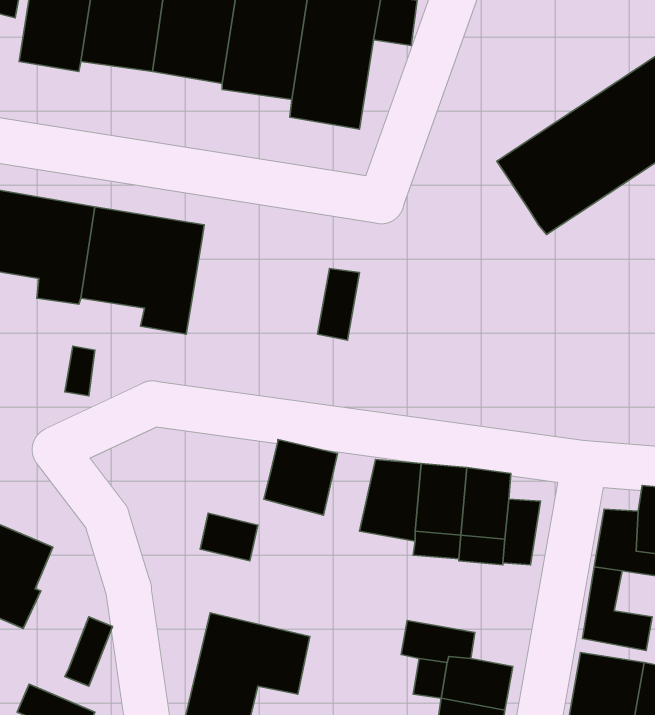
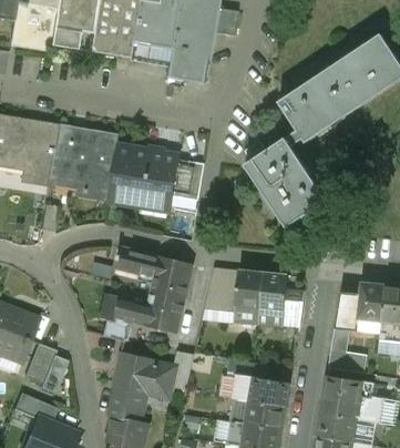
building: none -> [244,128,326,226]
building: none -> [109,144,178,201]
building: none -> [116,247,158,276]
building: none -> [143,289,184,332]
building: none -> [23,343,55,384]

